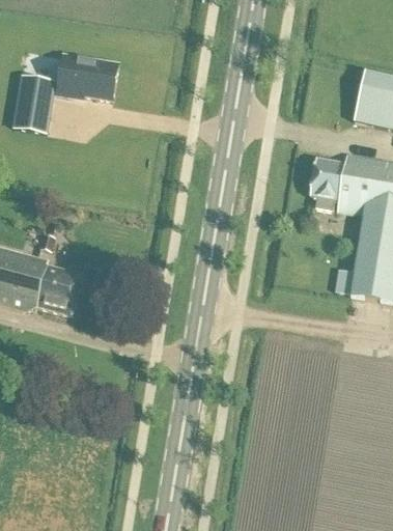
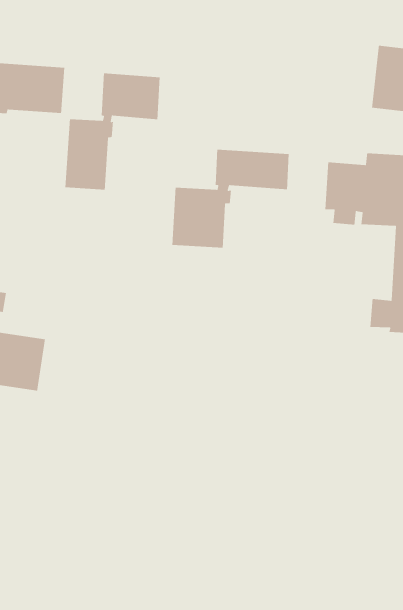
building: none -> [65,73,161,190]
building: none -> [171,149,289,249]

